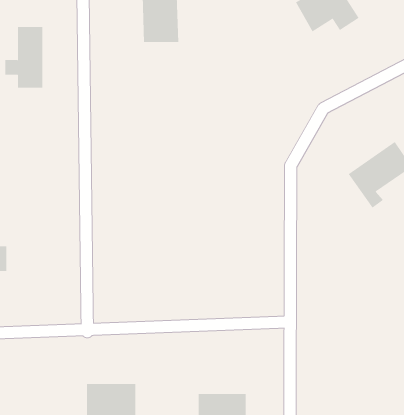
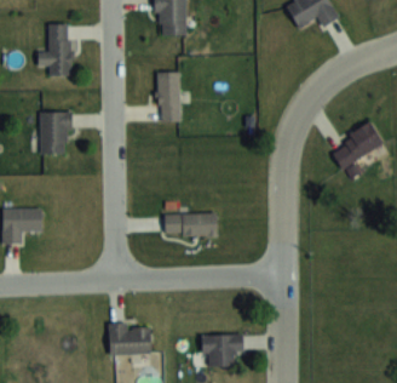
building: none -> [156,74,180,124]
building: none -> [40,113,70,155]
building: none -> [165,213,217,238]

